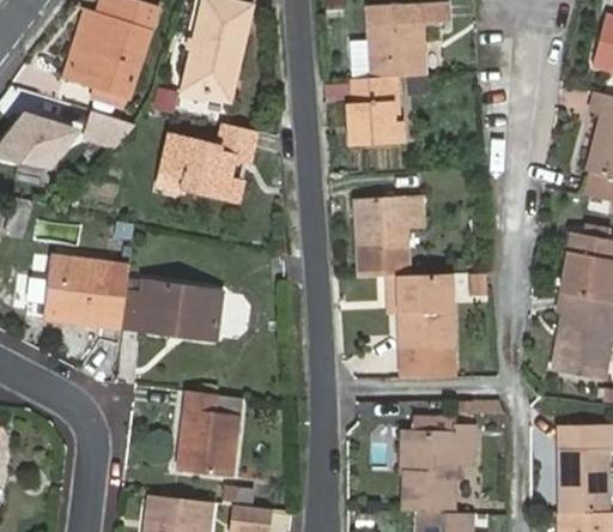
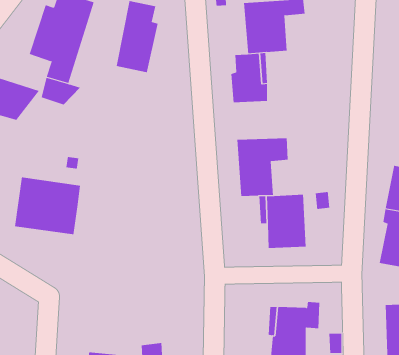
building: [153,123,260,205] -> none
building: [131,282,218,337] -> none
building: [399,349,454,381] -> none
building: [172,392,233,473] -> none

